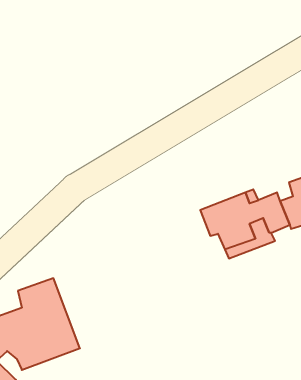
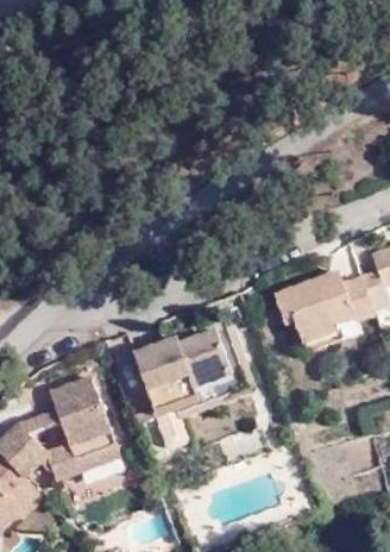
building: none -> [132,327,247,452]

